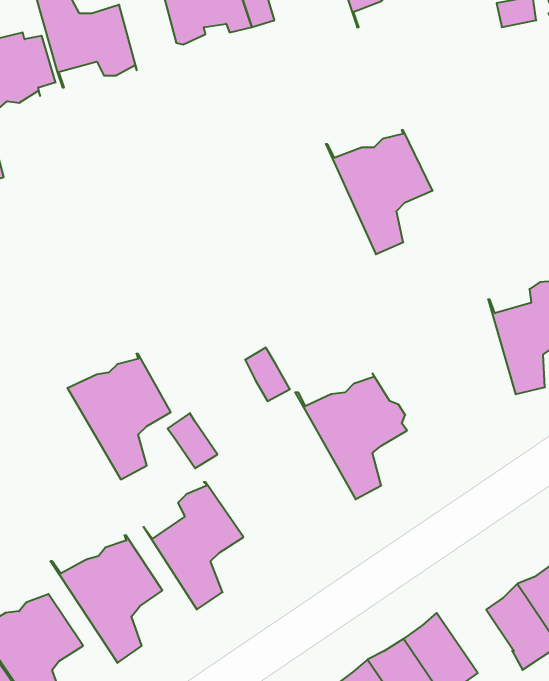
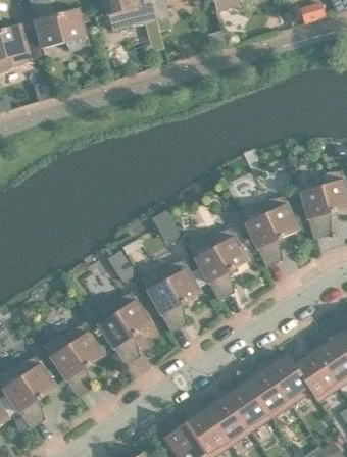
building: [326,130,433,254] -> [235,194,298,267]
building: [67,354,171,479] -> [139,258,200,333]
building: none -> [265,355,311,404]

